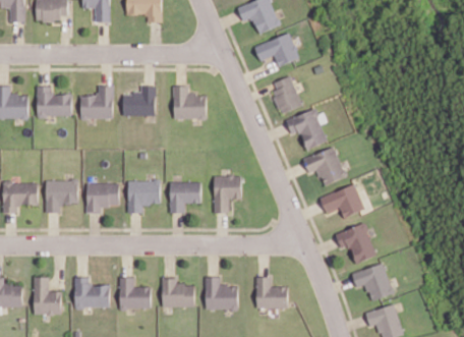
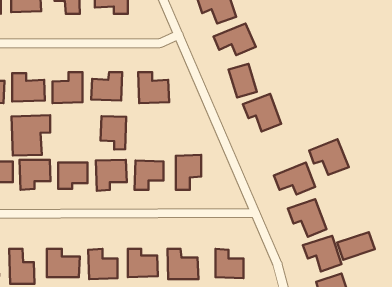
building: none -> [12,115,50,155]
building: none -> [100,116,126,150]
building: [303,147,346,185] -> [309,139,349,175]
building: none -> [337,232,375,260]

